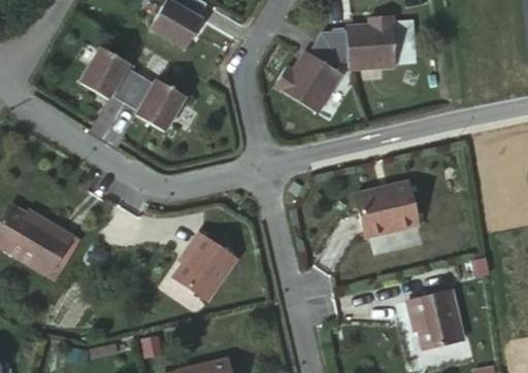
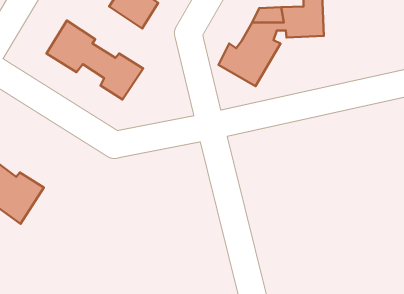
building: [356,191,419,239] -> none
building: [173,229,237,300] -> none
building: [404,292,460,348] -> none

